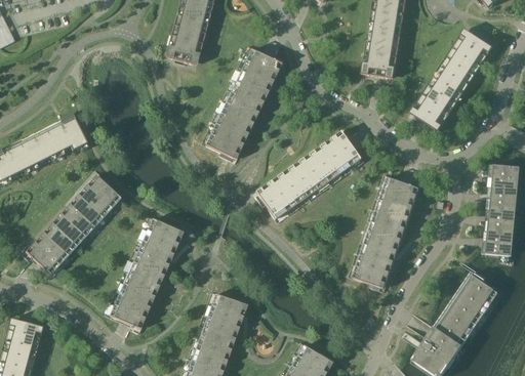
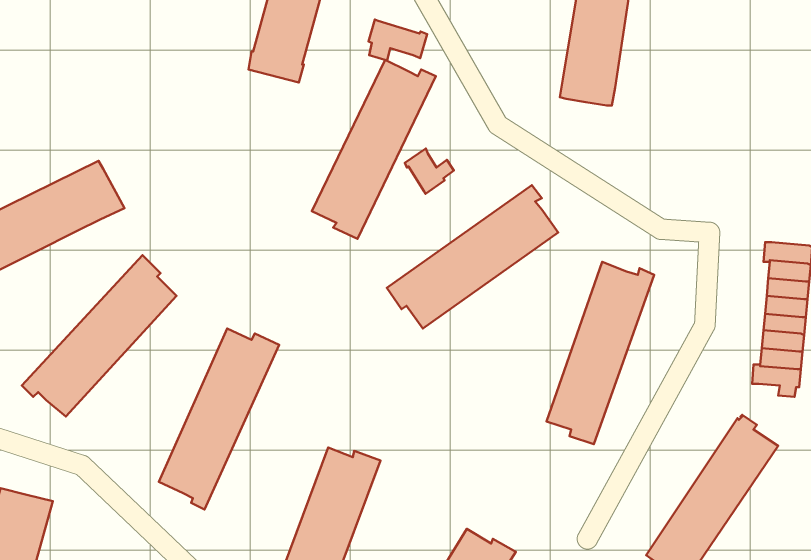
building: none -> [368,20,427,60]
building: [411,29,493,130] -> none
building: none -> [405,149,454,194]

